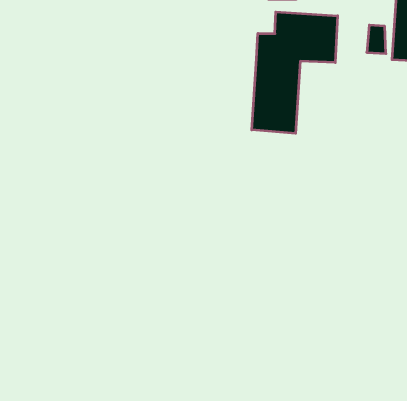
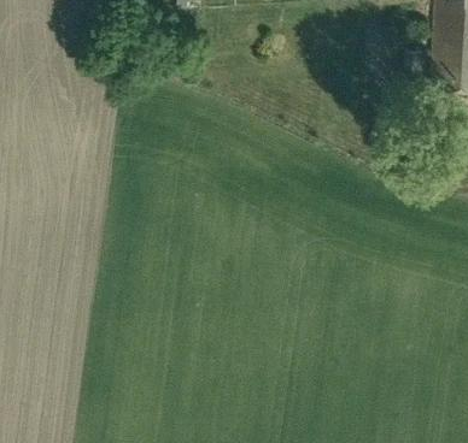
building: [252,12,338,133] -> none

